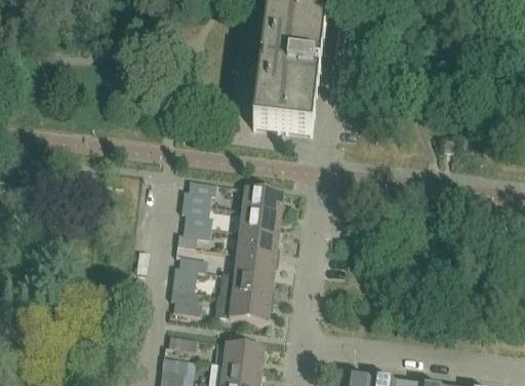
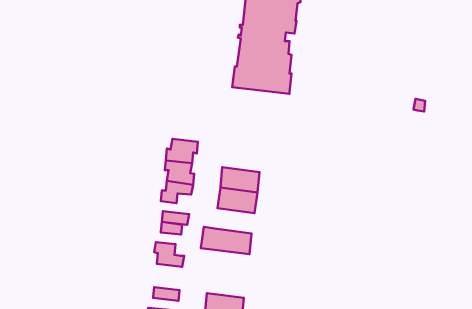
building: [242,187,284,215] -> none
building: [234,253,276,279] -> none
building: [214,294,271,322] -> none

